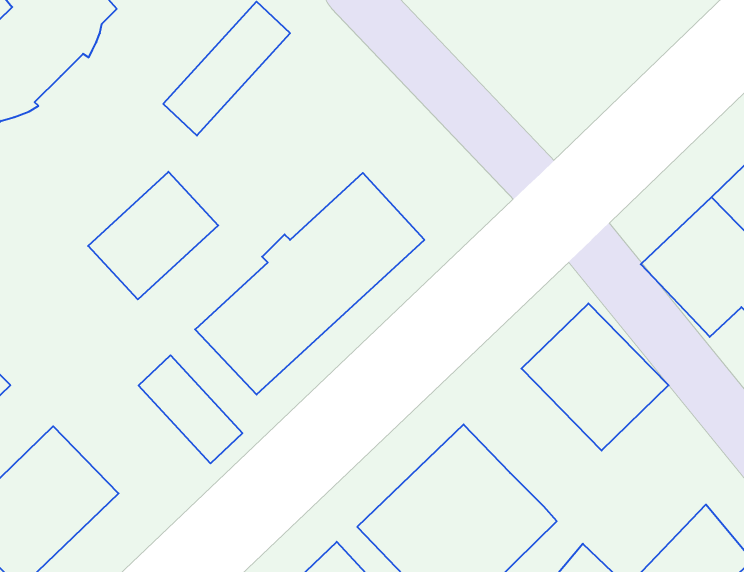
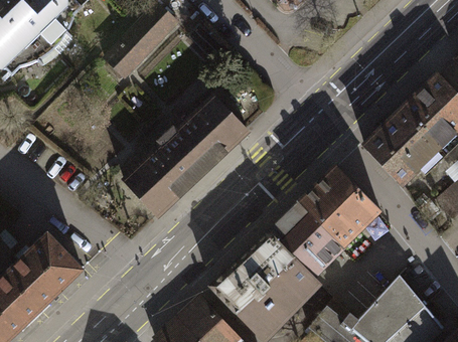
building: [88,172,218,299] -> none
building: [139,355,242,463] -> none
building: none -> [270,202,344,277]

